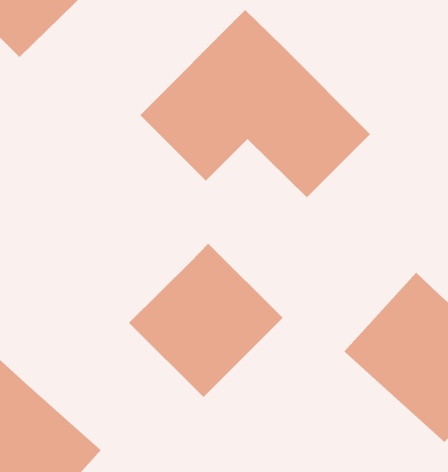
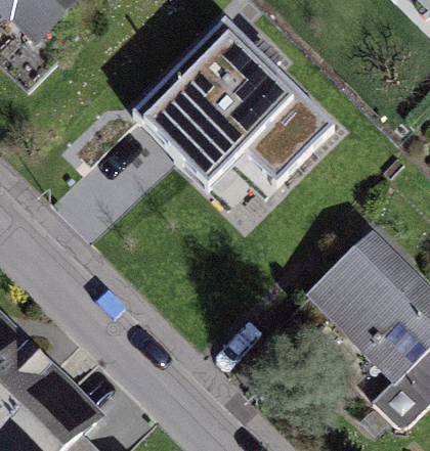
building: [128,243,283,398] -> none

